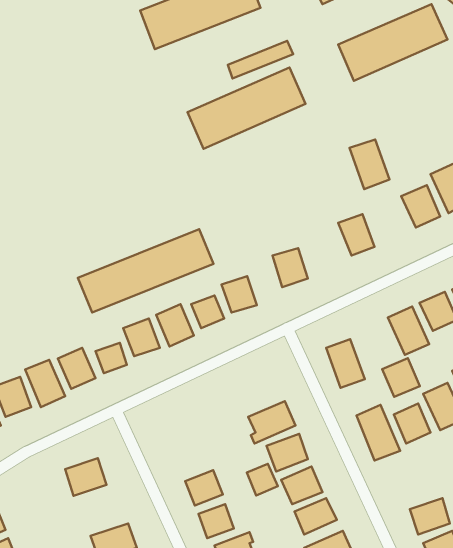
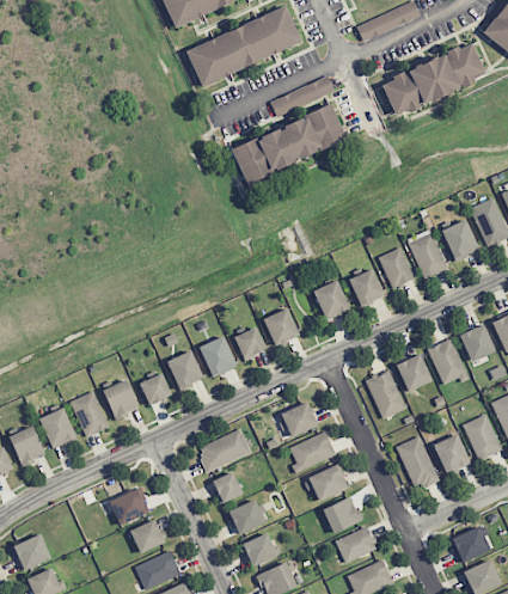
building: [350,139,390,189] -> [408,229,447,278]
building: [78,229,214,312] -> none
building: none -> [349,269,384,306]
building: [382,358,420,397] -> [396,354,433,392]
building: none -> [281,402,318,437]
building: none -> [197,429,252,472]
building: none -> [212,472,243,503]
building: [247,464,278,496] -> none
building: none -> [130,519,166,553]

